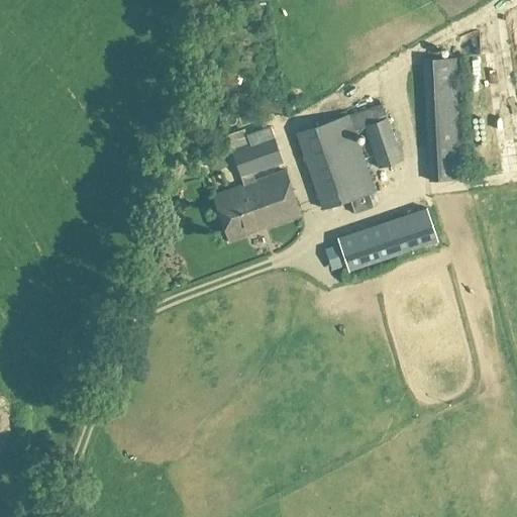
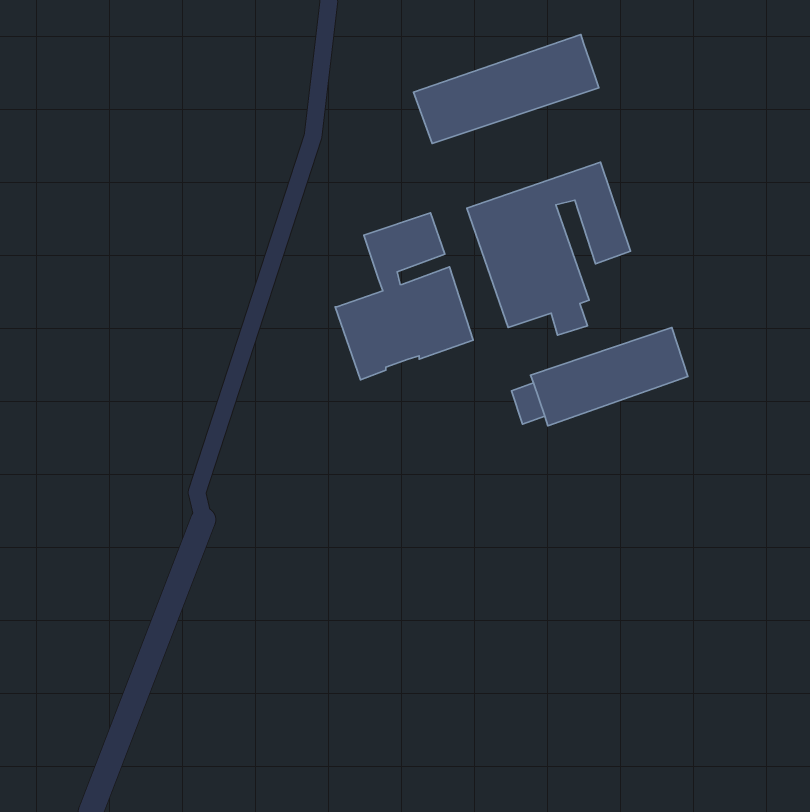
building: none -> [414,34,599,143]
building: [425,58,462,180] -> none

